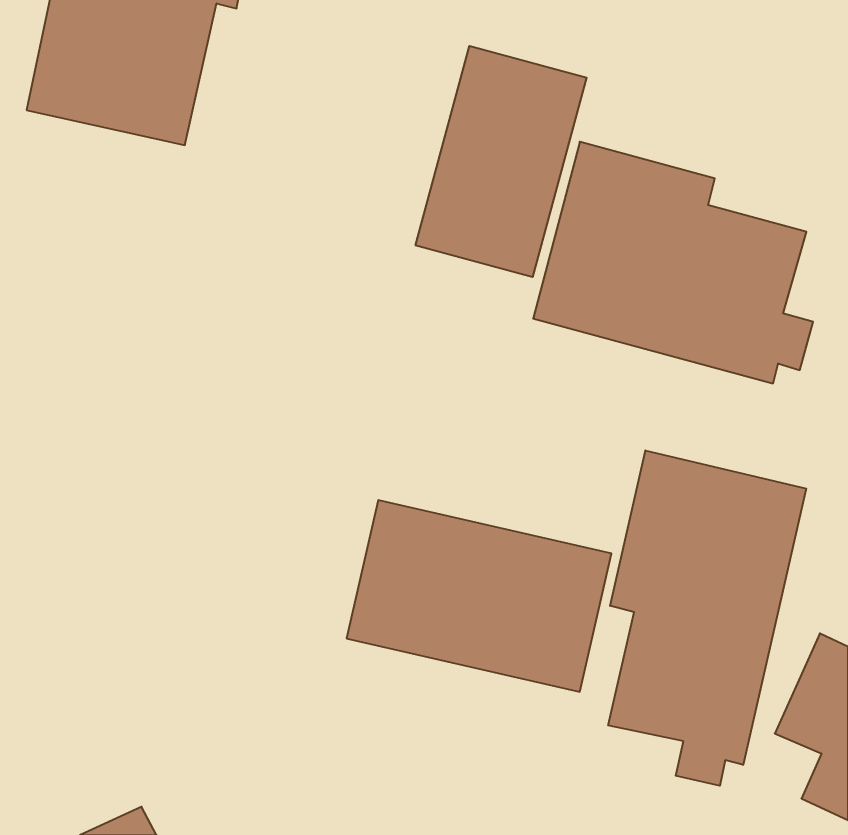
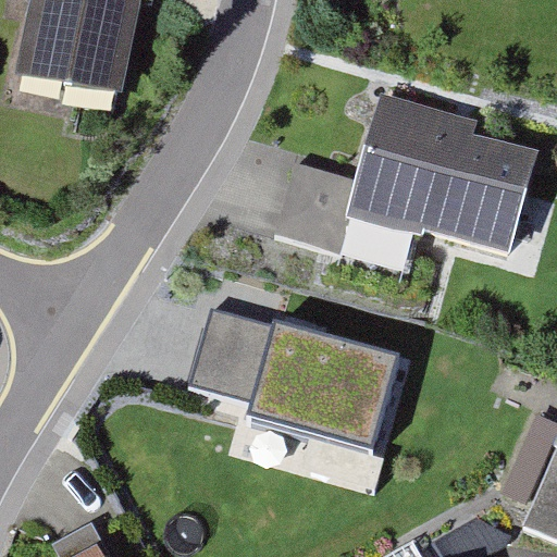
building: [416,46,587,277] -> none
building: [608,450,806,786] -> none

